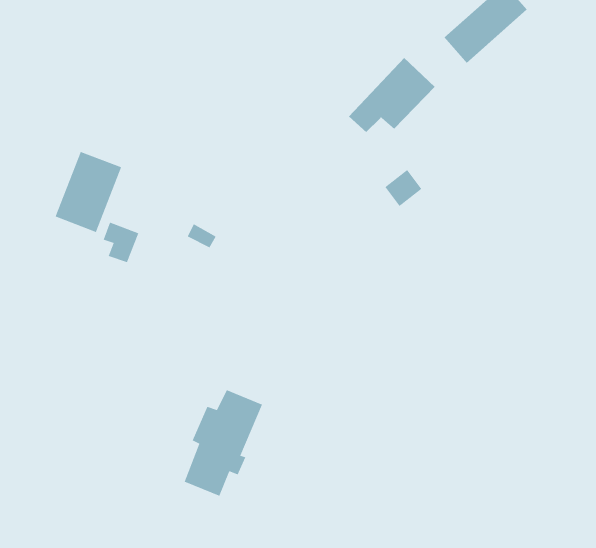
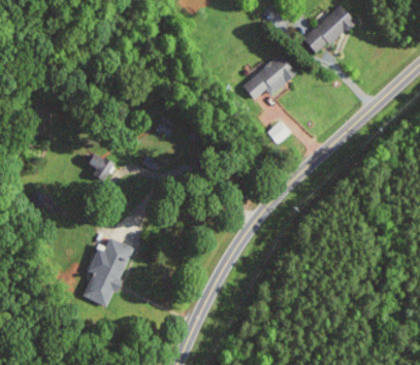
building: [55,151,122,233] -> none
building: [184,390,263,497] -> [83,238,132,305]

